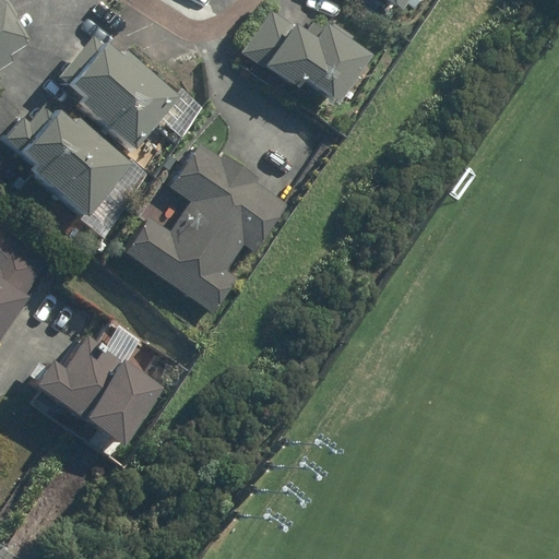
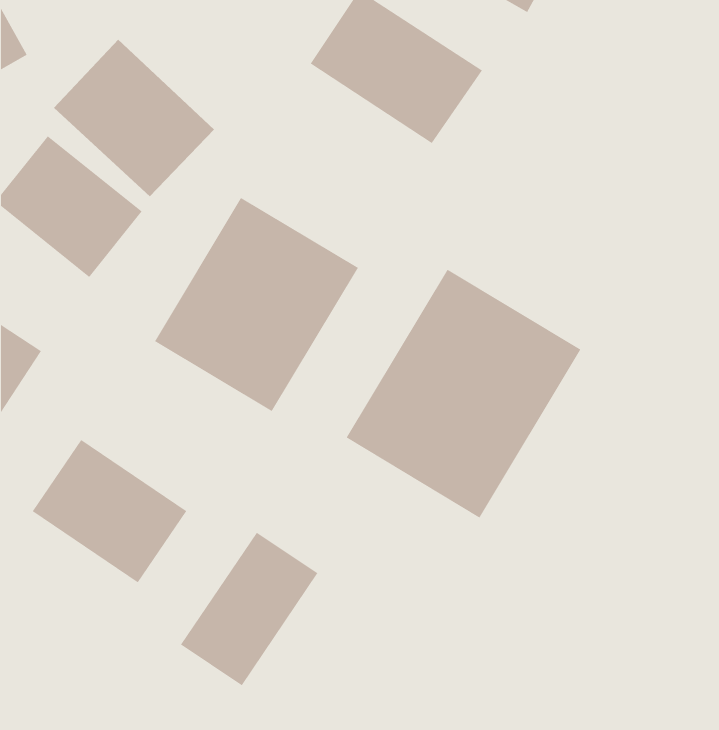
building: none -> [346,269,581,518]
building: none -> [180,532,318,686]

